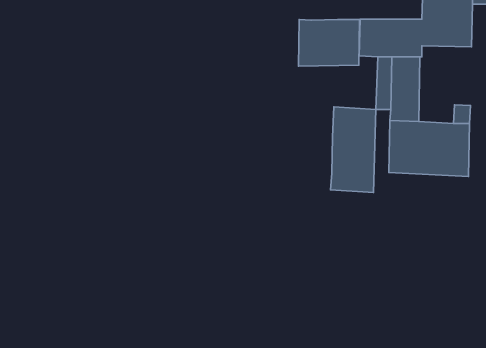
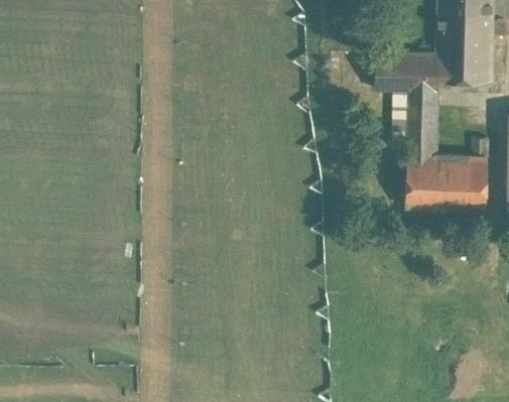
building: [298,19,360,66] -> none
building: [331,107,376,193] -> none

